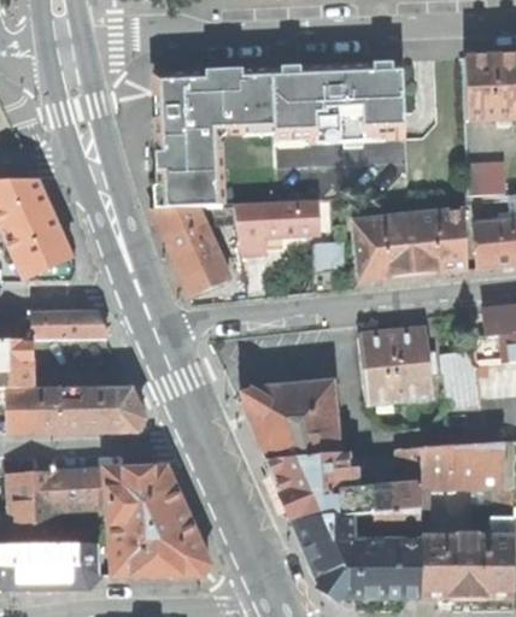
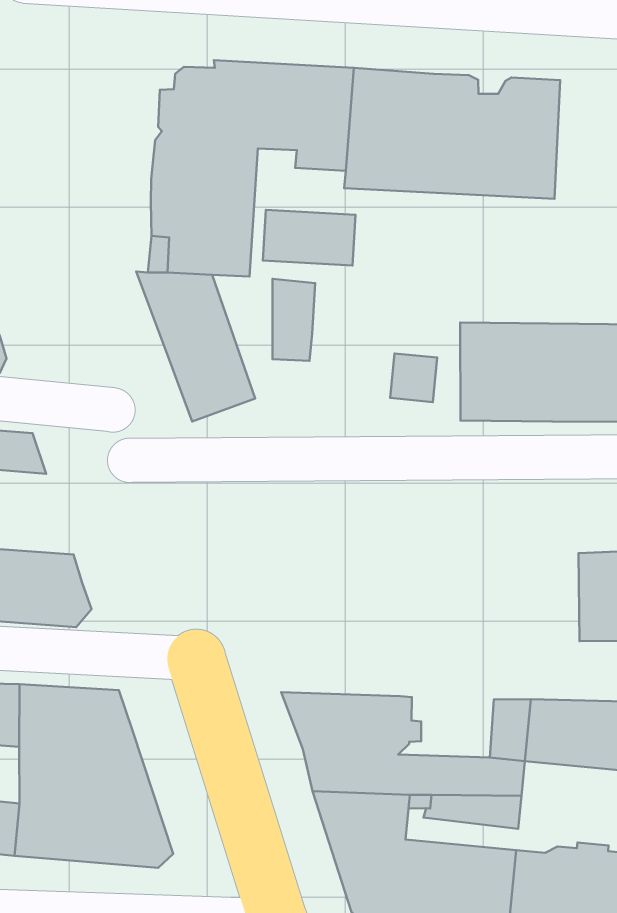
building: [262,200,318,234] -> [263,210,355,265]
building: [359,327,434,400] -> none
building: [240,380,339,457] -> none

